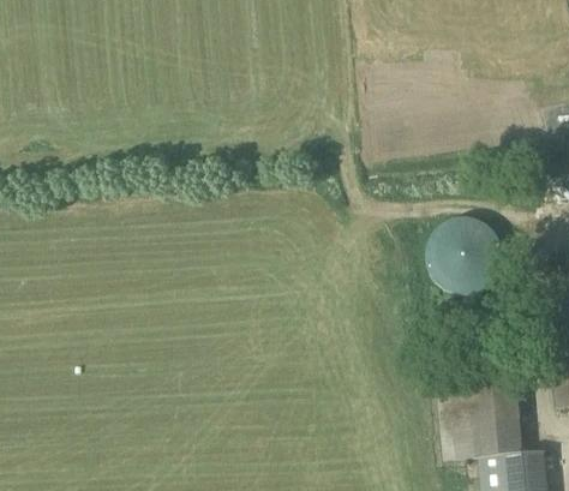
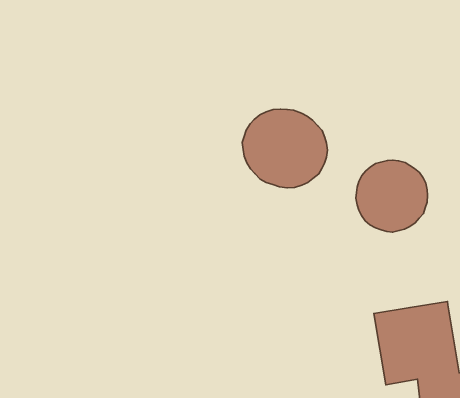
building: none -> [242,109,328,188]

